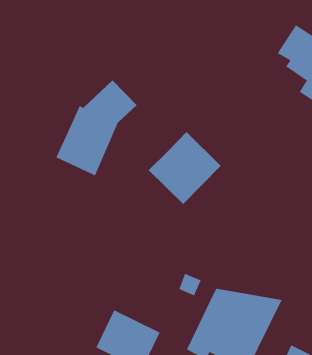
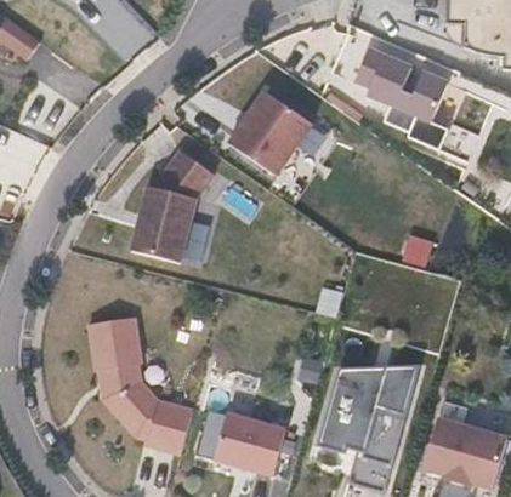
building: [148,131,222,205] -> [227,90,311,175]
building: none -> [87,315,191,453]

